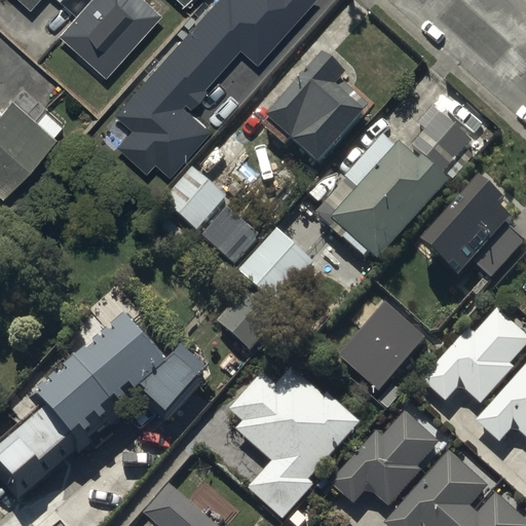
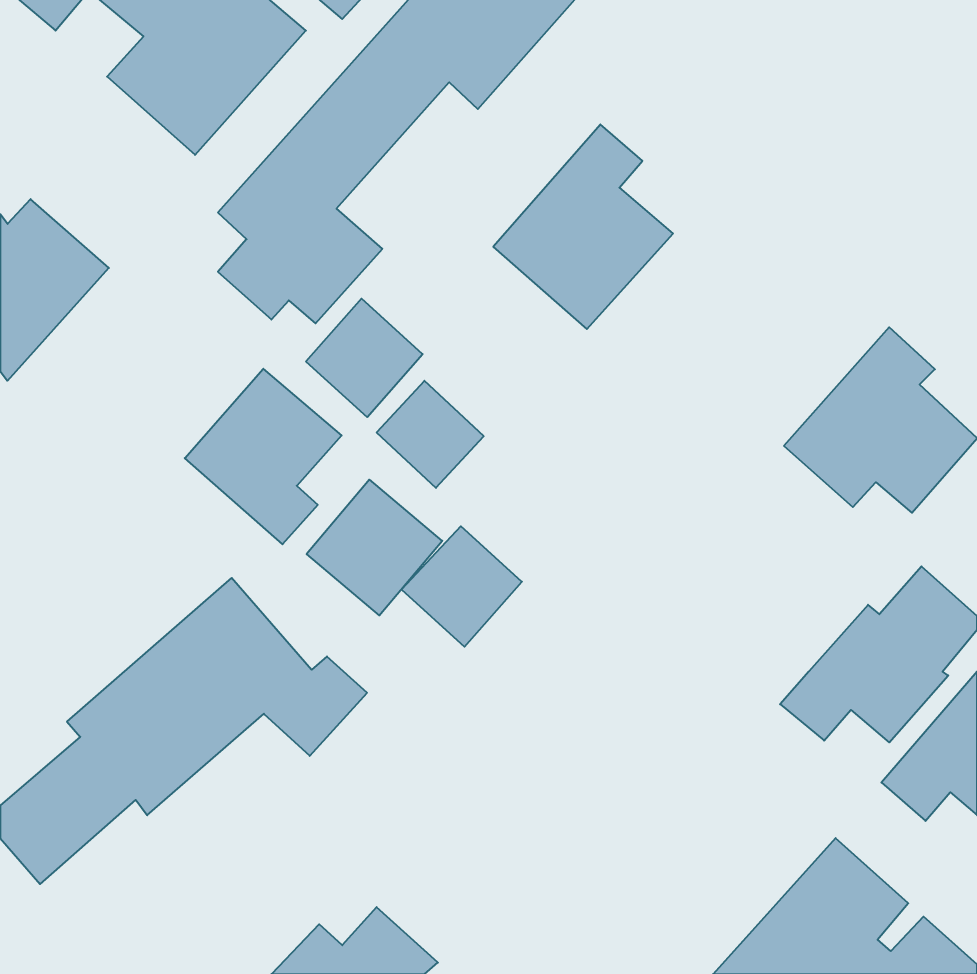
building: [412,110,474,180] -> none
building: [309,136,442,271] -> none
building: none -> [185,369,342,544]
building: [243,226,316,299] -> [307,480,442,615]
building: [339,300,424,387] -> none
building: [230,365,358,517] -> none
building: [331,411,441,505] -> none

